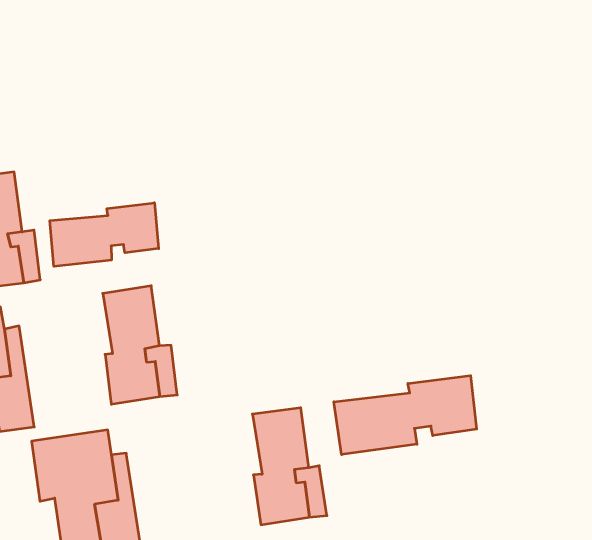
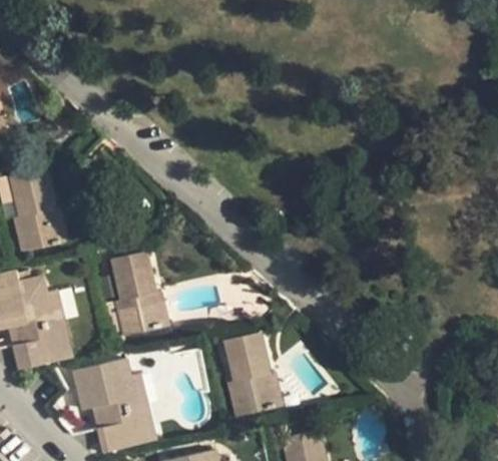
building: [50,203,159,266] -> none
building: [334,376,477,455] -> none

